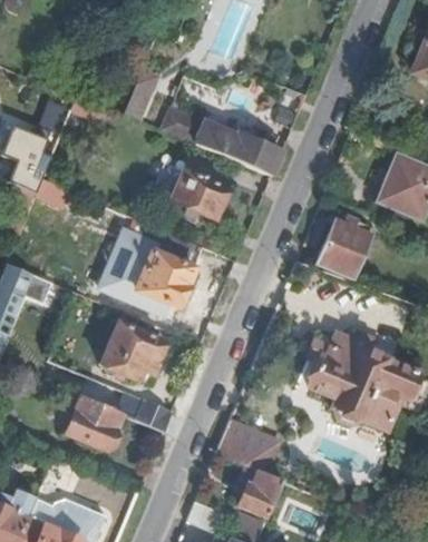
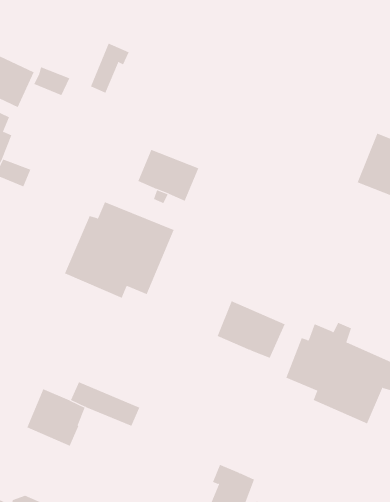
building: [162,107,281,176] -> none
building: [314,218,374,279] -> none
building: [100,324,163,381] -> none
building: [215,421,280,475] -> [217,301,286,359]

